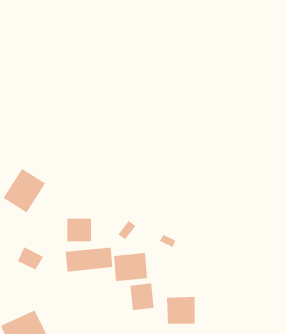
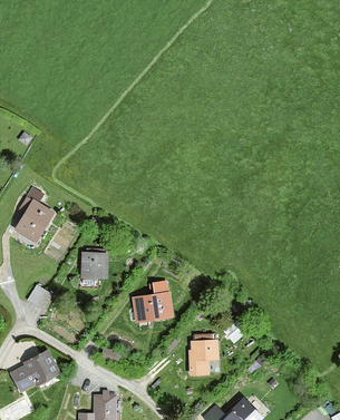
building: [65,247,113,273] -> none
building: [130,283,154,311] -> none

